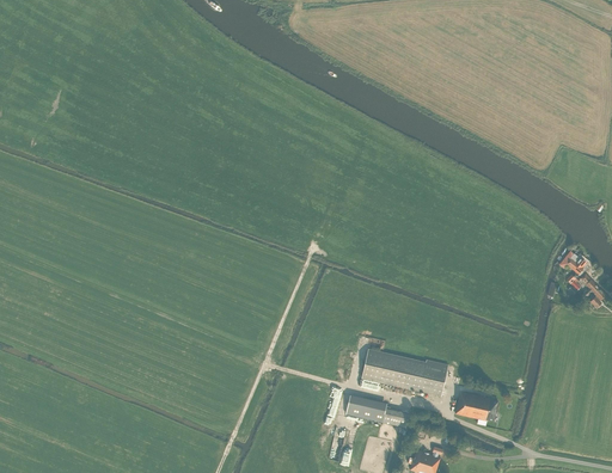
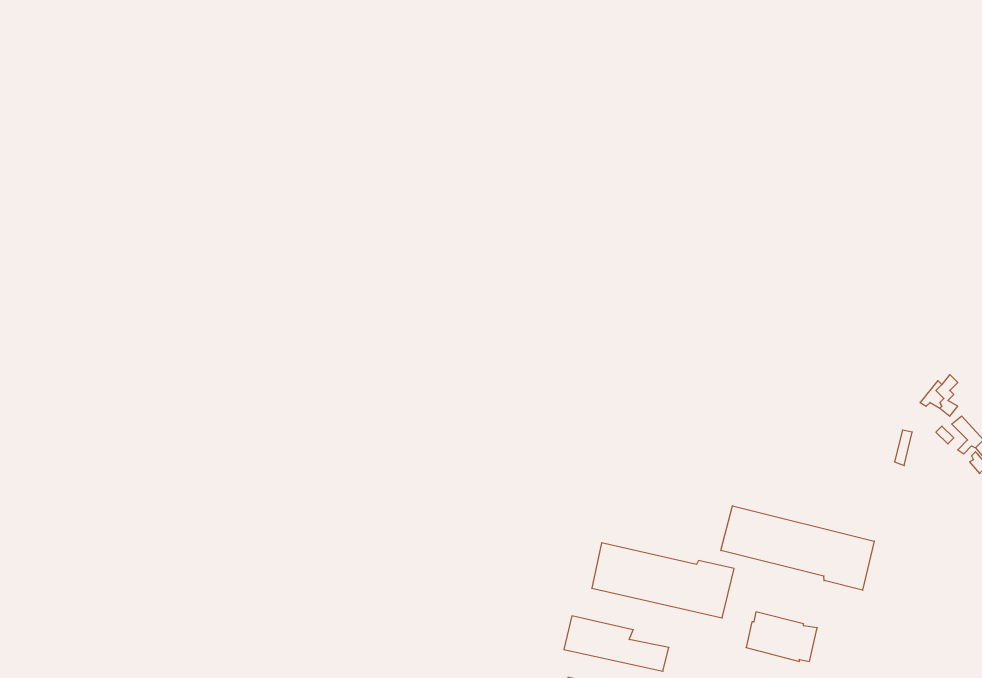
building: none -> [721,506,874,590]

